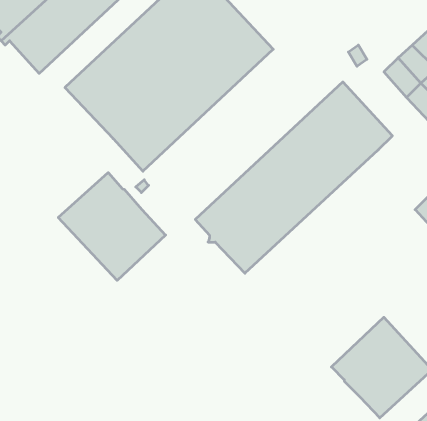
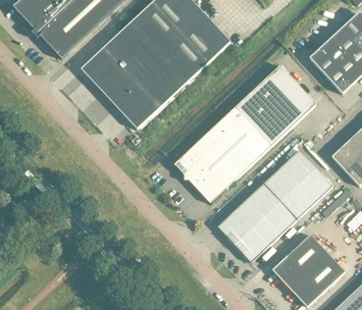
building: [58,173,166,280] -> none
building: none -> [218,150,332,262]

